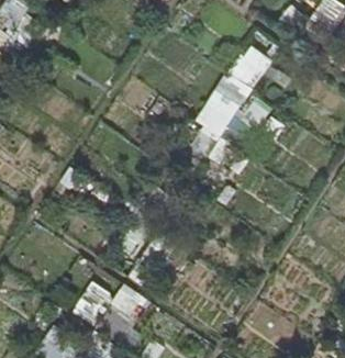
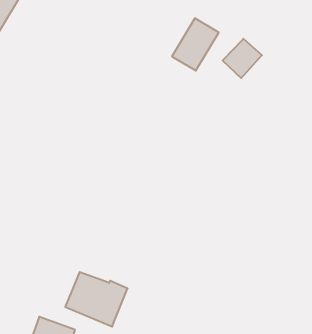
building: [194,86,242,138] -> [172,18,219,71]

